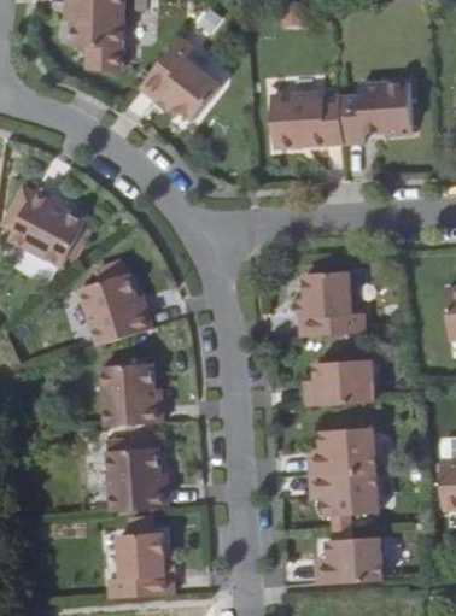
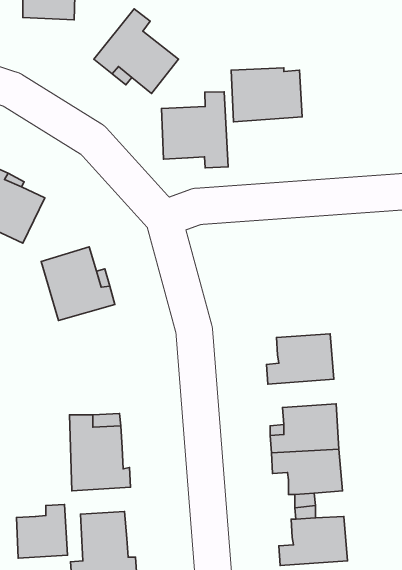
building: [337,82,410,143] -> none
building: none -> [161,92,228,168]
building: [298,269,362,336] -> none
building: [105,362,165,424] -> none
building: none -> [17,505,68,558]

